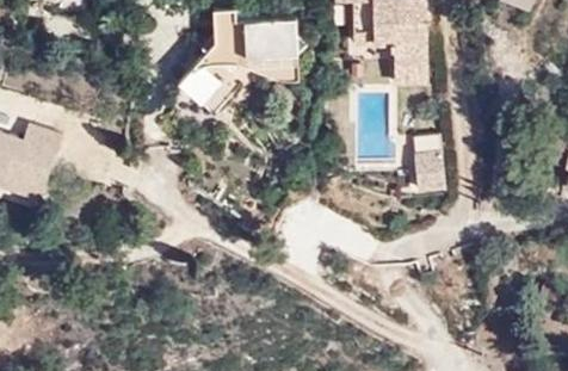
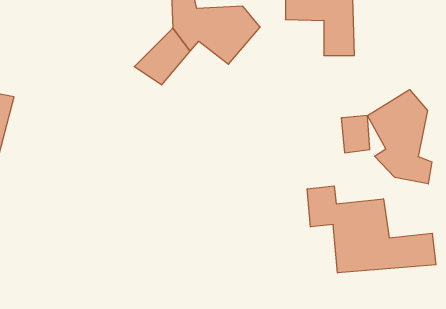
building: none -> [368,90,432,184]
building: none -> [307,186,436,273]

